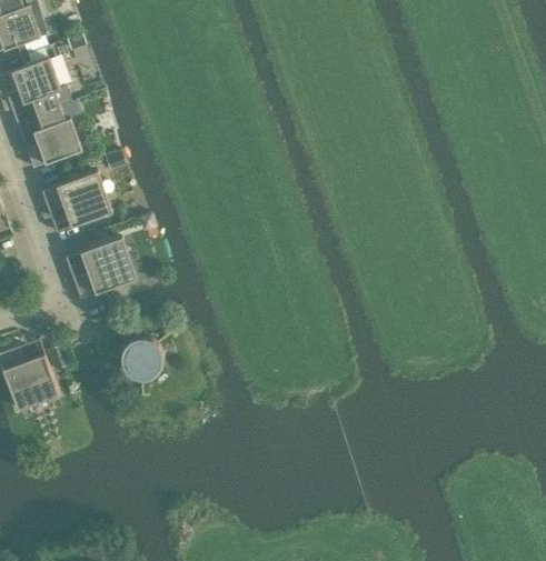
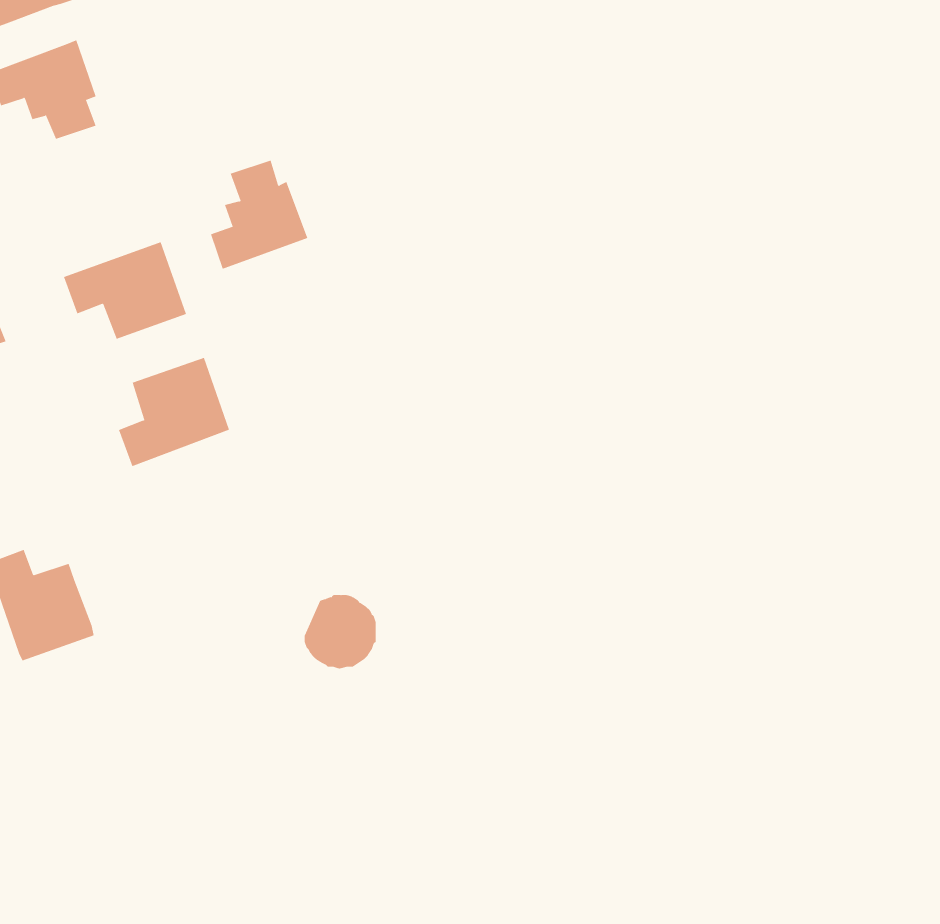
building: [26,107,81,169] -> [210,160,308,269]
building: [119,338,160,380] -> [304,595,376,669]

